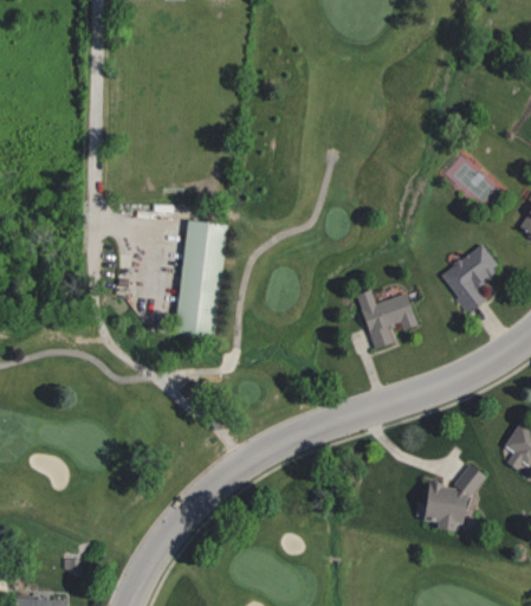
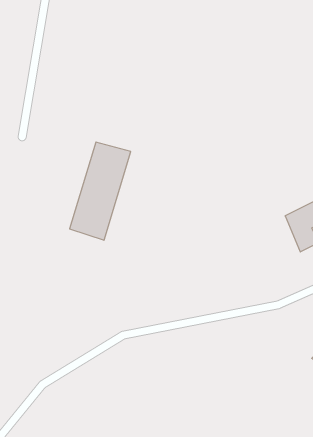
building: [354,290,419,349] -> none
building: [420,464,485,527] -> none

